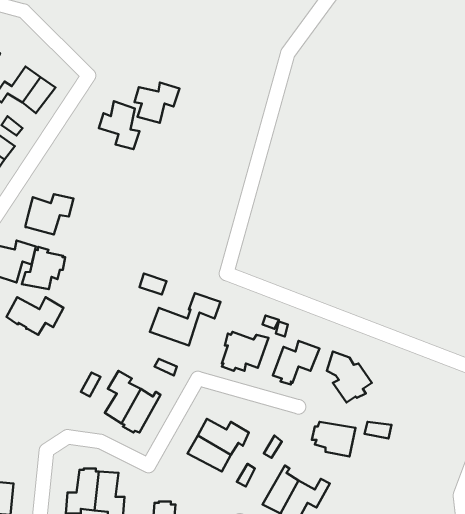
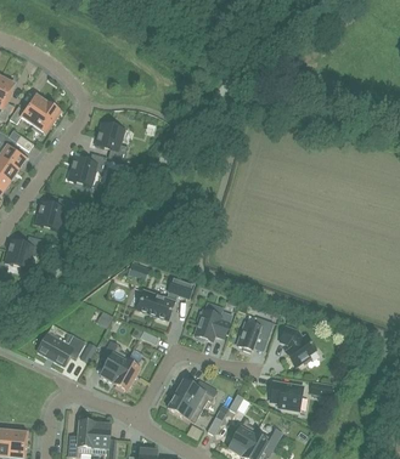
building: [134,83,179,123] -> [71,152,107,185]
building: [22,247,65,289] -> none
building: [7,297,64,335] -> [38,333,84,363]

